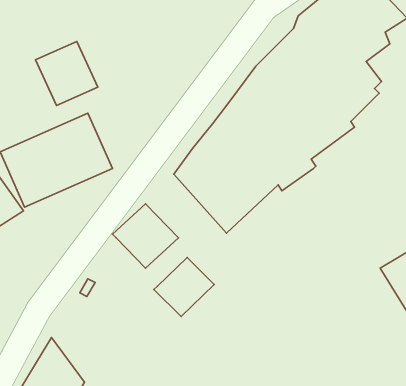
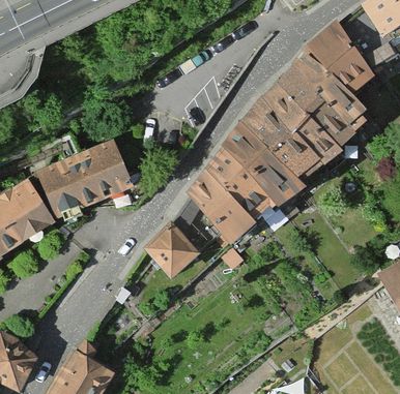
building: [36,42,98,106] -> none
building: [154,258,214,317] -> none

